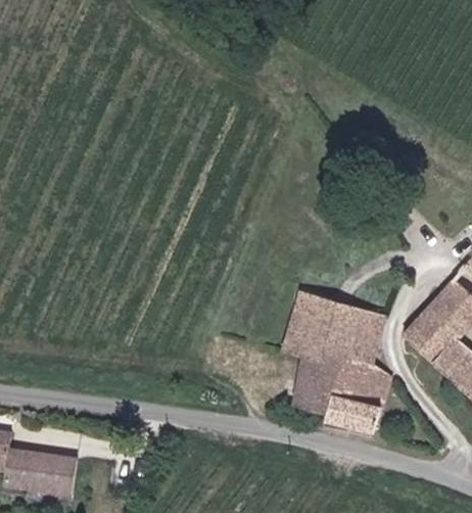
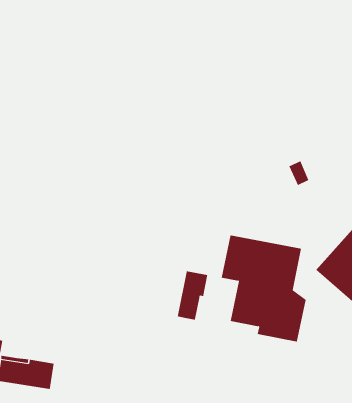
building: none -> [177,270,208,320]

